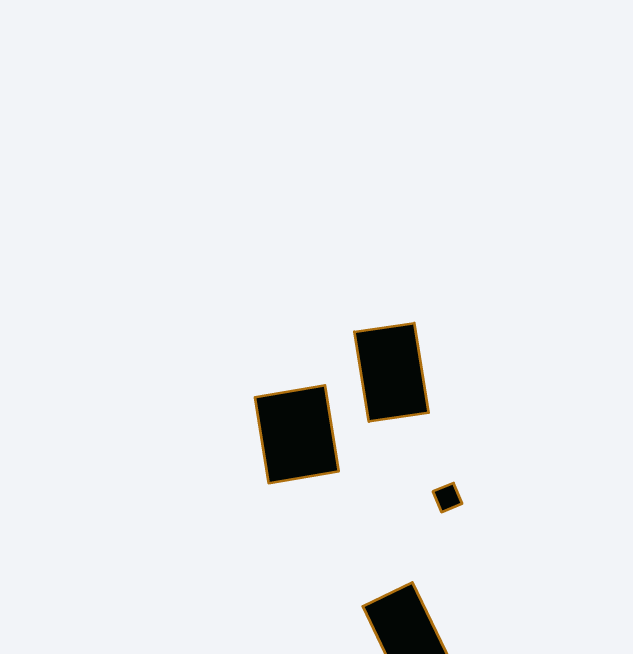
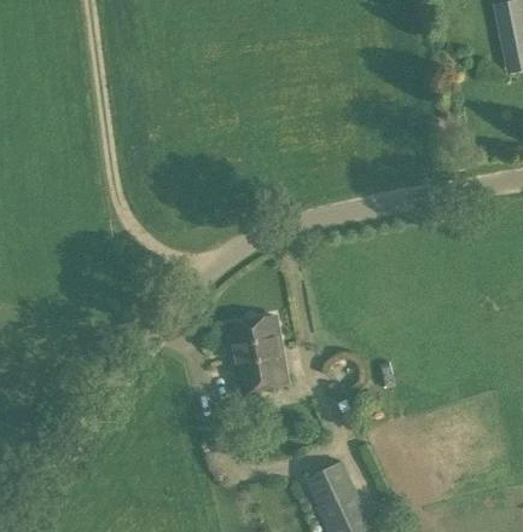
building: [354,323,429,422] -> none

